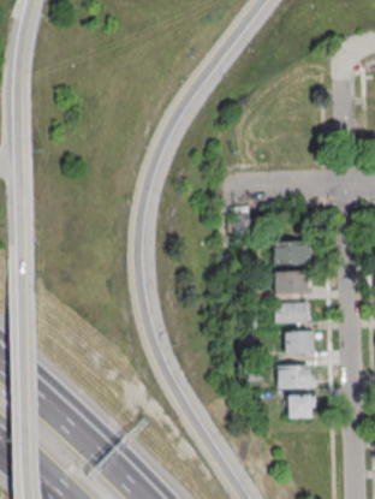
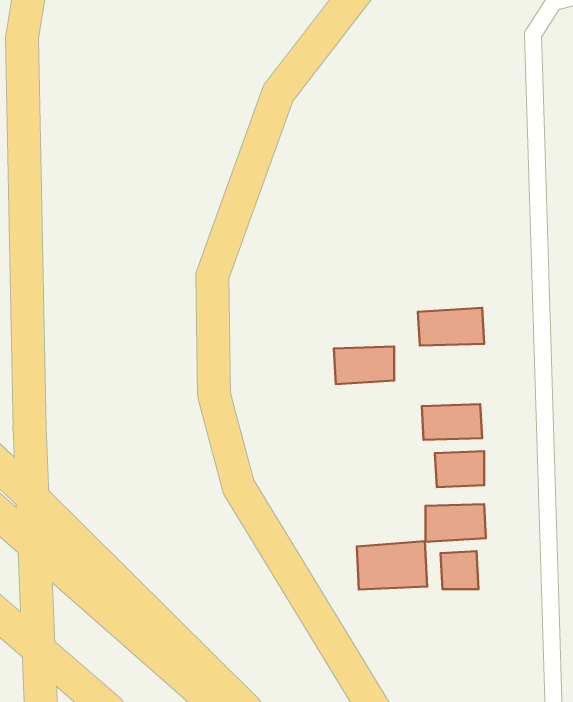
building: [274,272,312,296] -> [334,347,394,384]
building: none -> [357,541,427,589]

